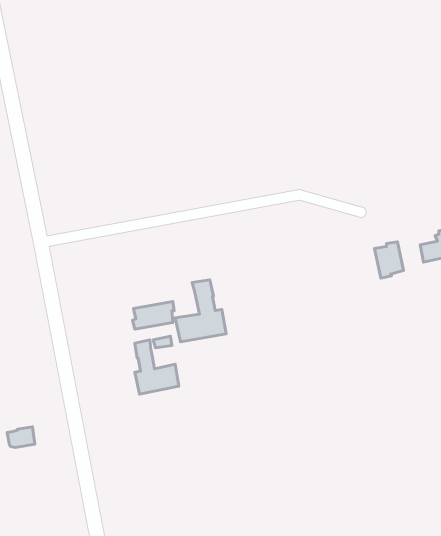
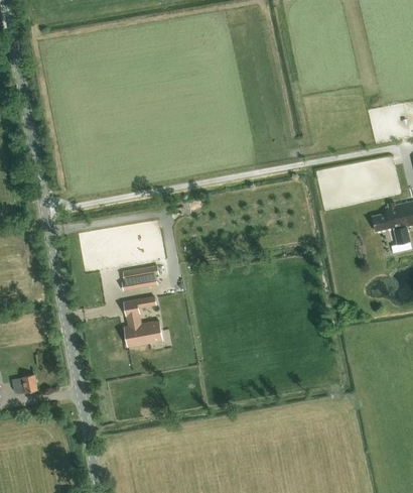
building: [374,242,404,278] -> none
building: [175,280,226,342] -> none

